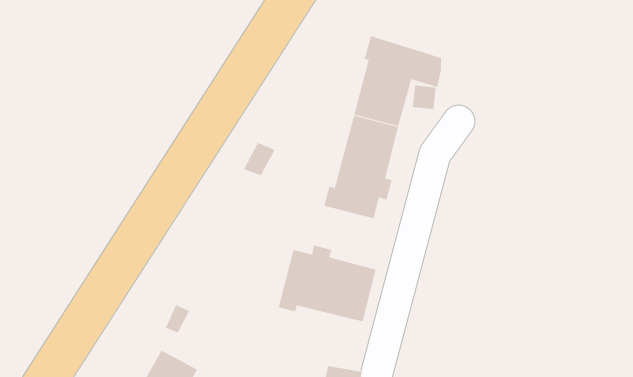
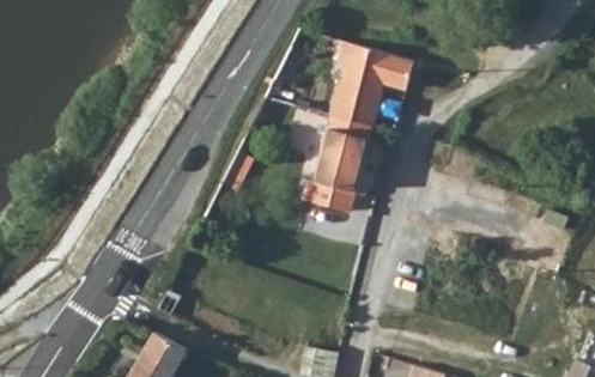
building: [278,245,376,322] -> none

